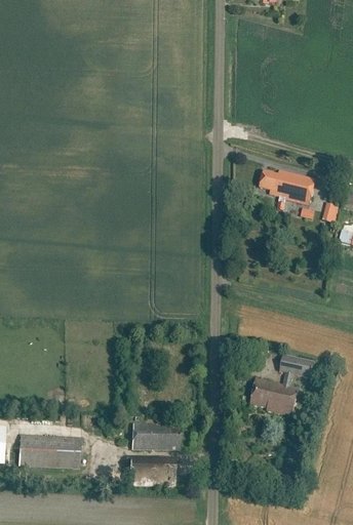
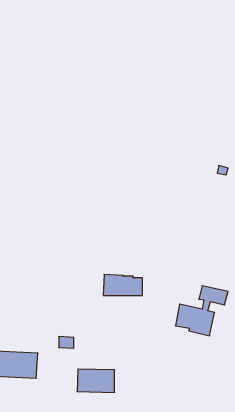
building: [260,169,315,210] -> none
building: [132,422,181,448] -> [103,275,142,295]

